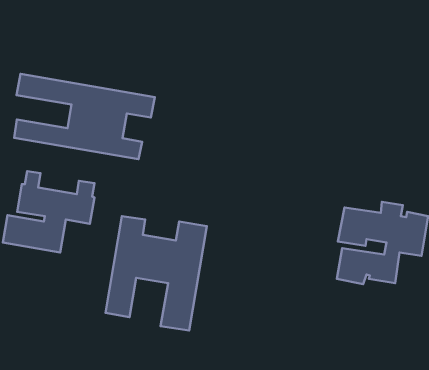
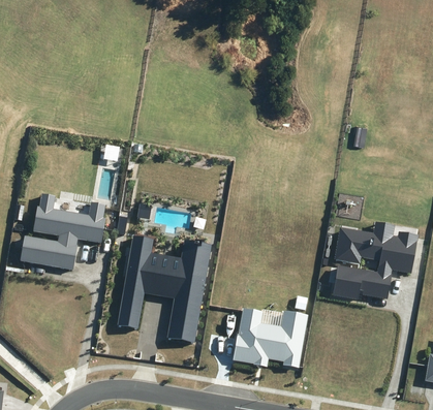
building: [14,74,155,159] -> none
building: none -> [231,308,307,368]

